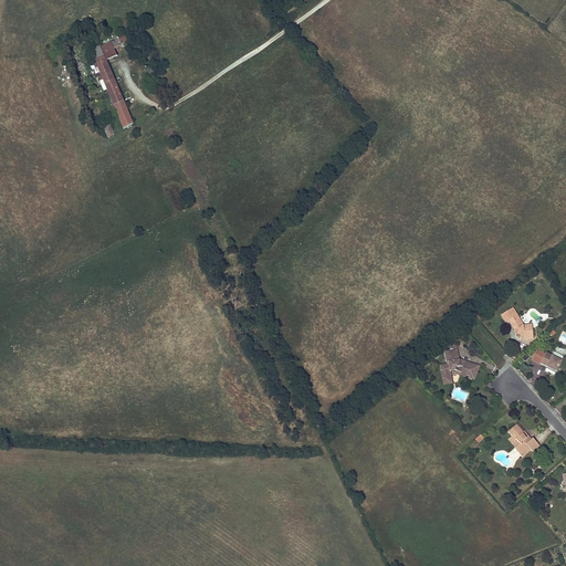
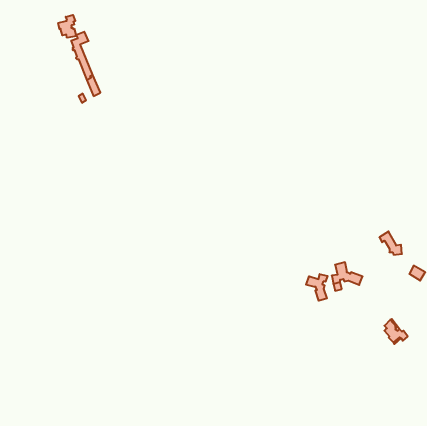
building: none -> [58,15,76,38]
building: none -> [306,274,328,301]

